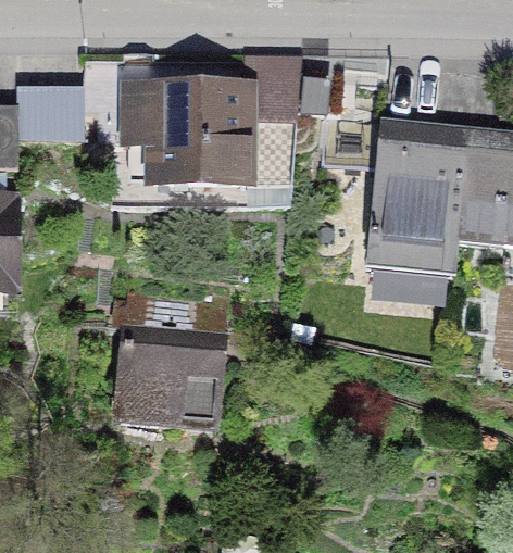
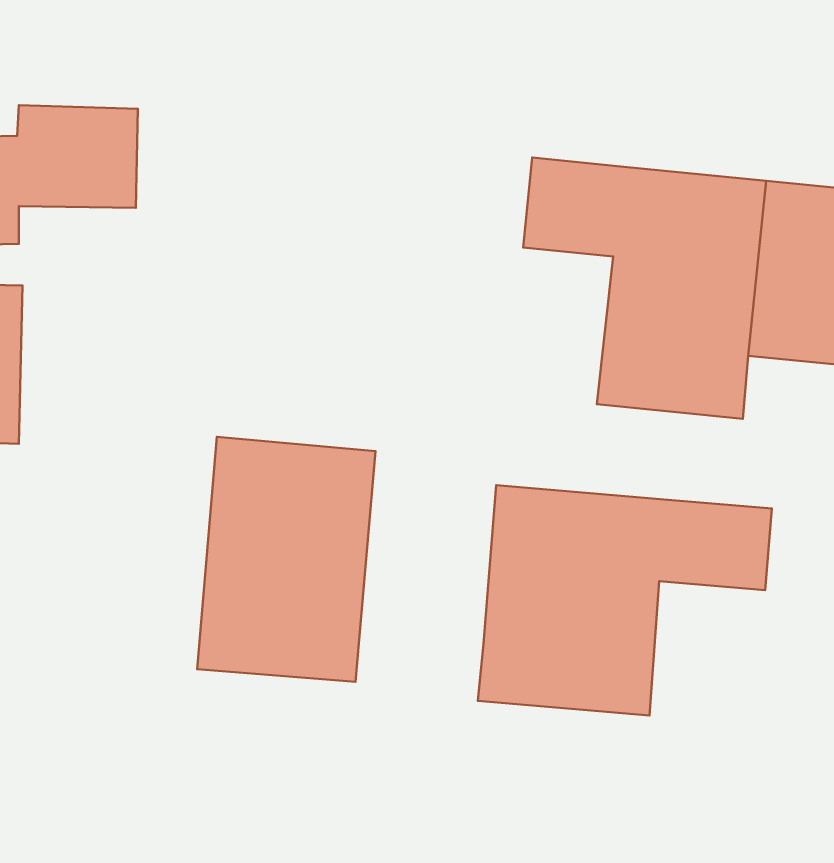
building: [115,58,298,187] -> none
building: none -> [478,485,772,716]

